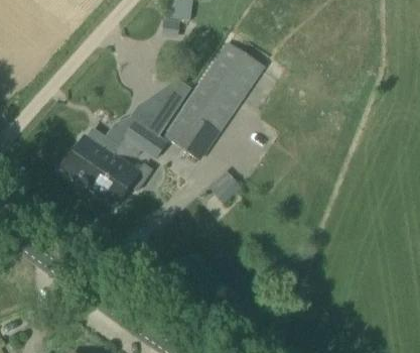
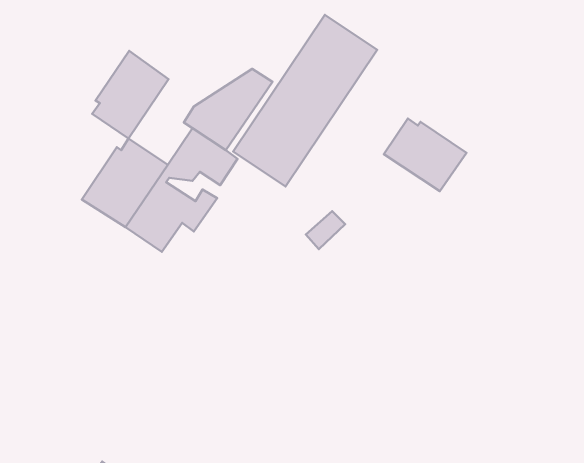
building: none -> [92,51,169,139]
building: none -> [384,119,467,191]

